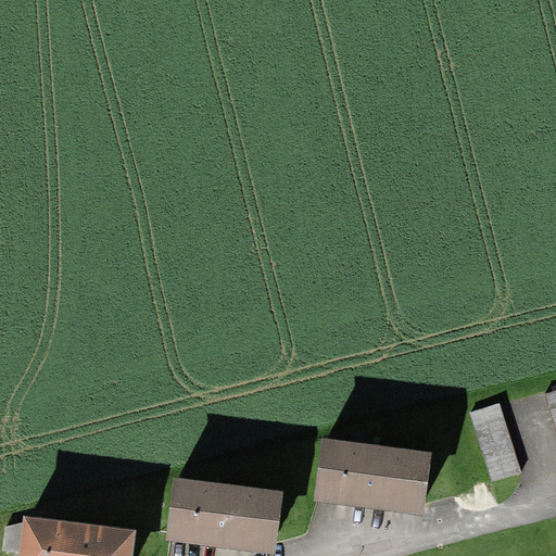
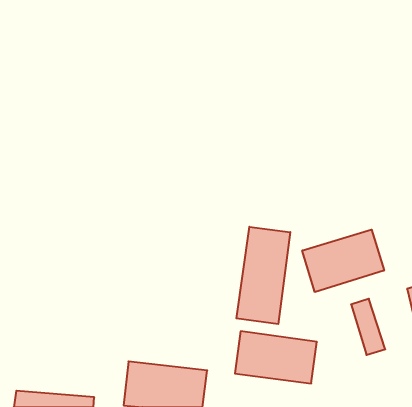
building: none -> [236,227,290,324]
building: none -> [302,230,384,292]

